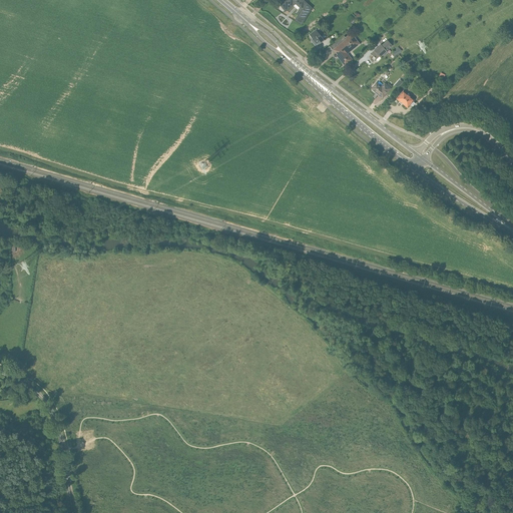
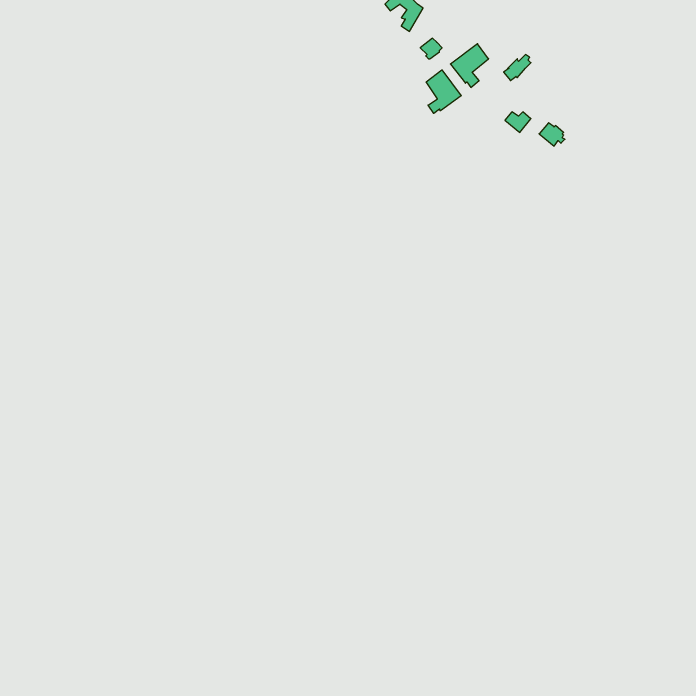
building: none -> [426,70,461,113]

